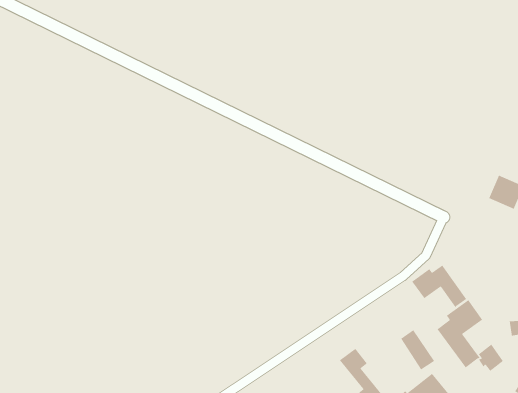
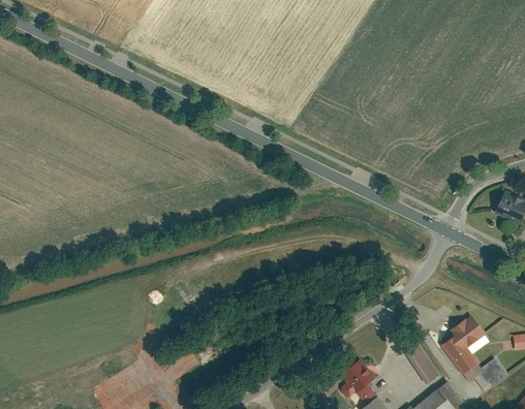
building: [411,265,467,309] -> none

